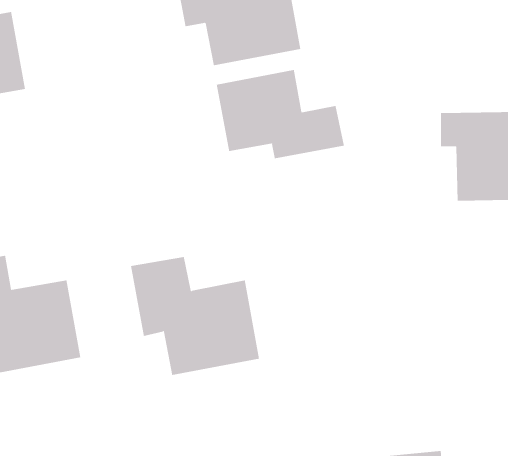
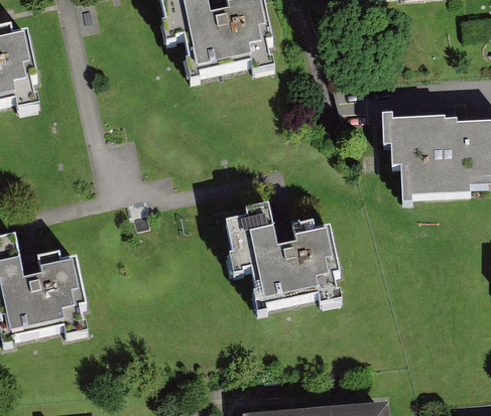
building: [216,69,344,159] -> none
building: [130,256,260,375] -> [225,206,336,308]

